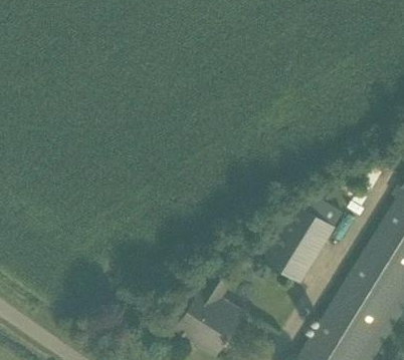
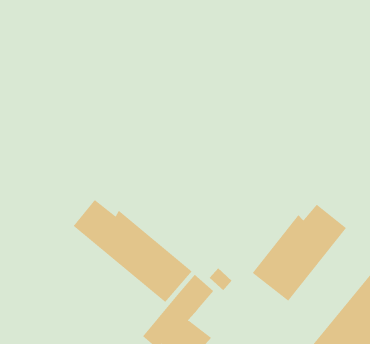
building: none -> [73,199,192,303]

